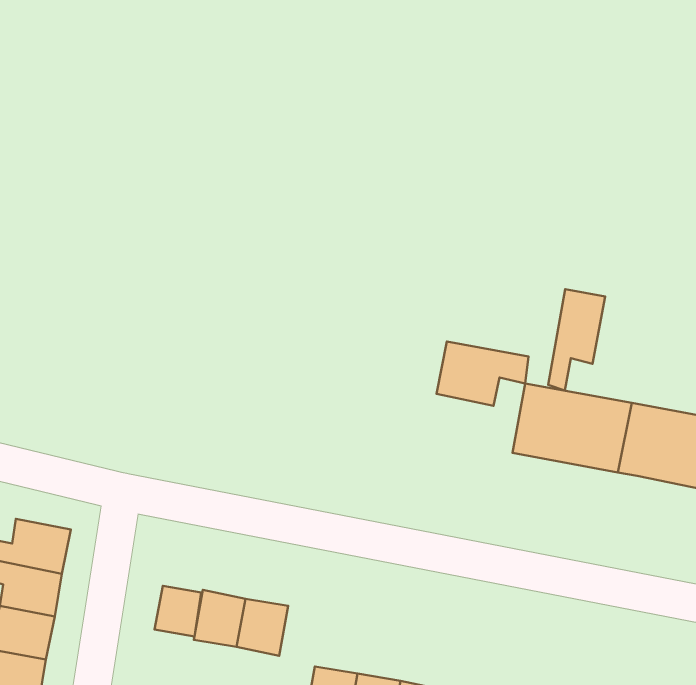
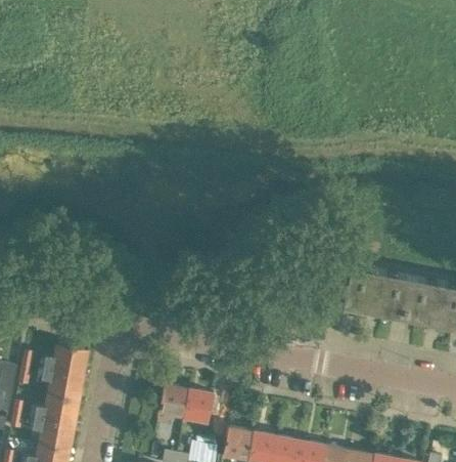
building: [548,289,605,391] -> none
building: [436,341,529,406] -> none
building: [155,586,201,637] -> none

